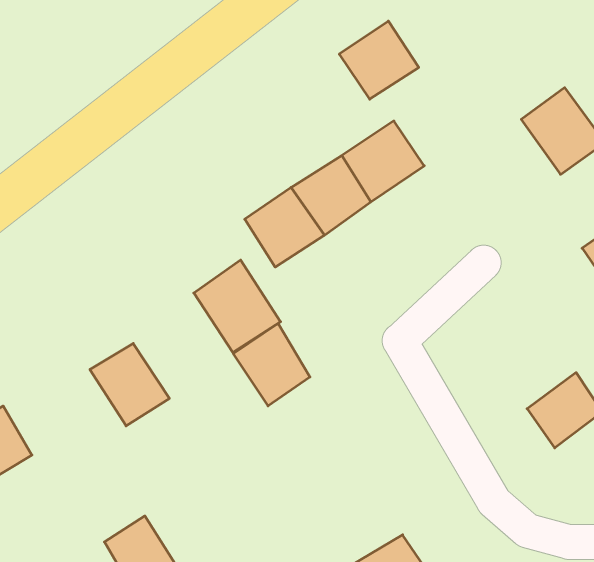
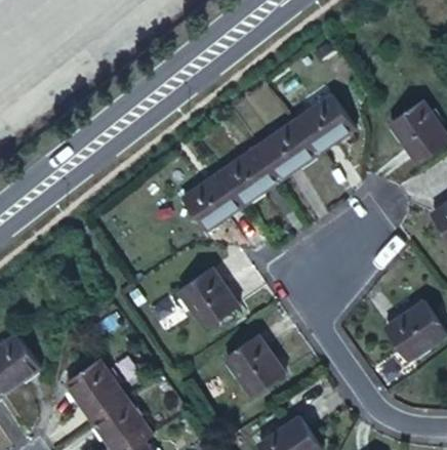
building: [339,21,419,99] -> [296,99,353,155]
building: [194,260,281,353] -> none
building: [90,343,169,426] -> [59,355,116,413]
building: none -> [228,338,284,394]

